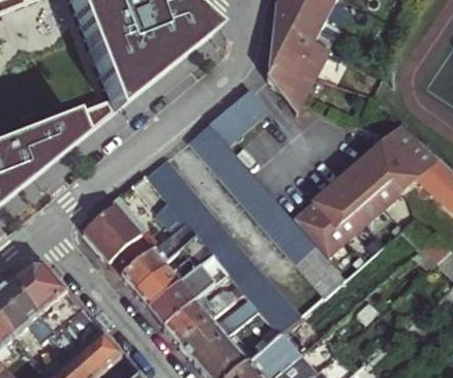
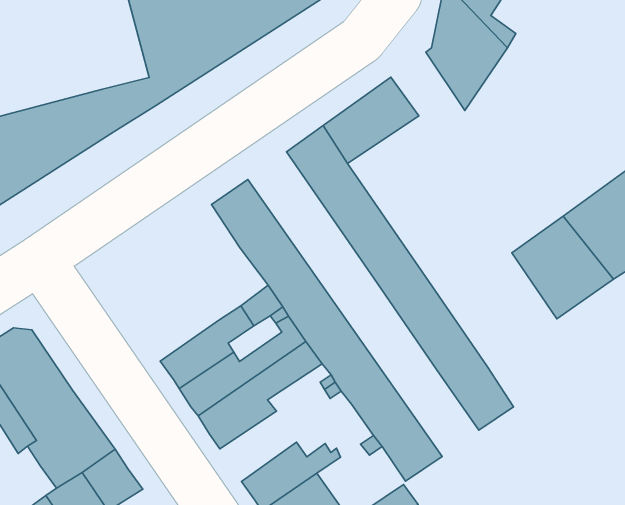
building: [294,184,365,255] -> none
building: [87,201,158,274] -> none
building: [168,289,230,342] -> none

